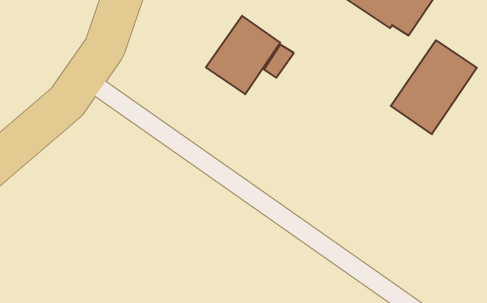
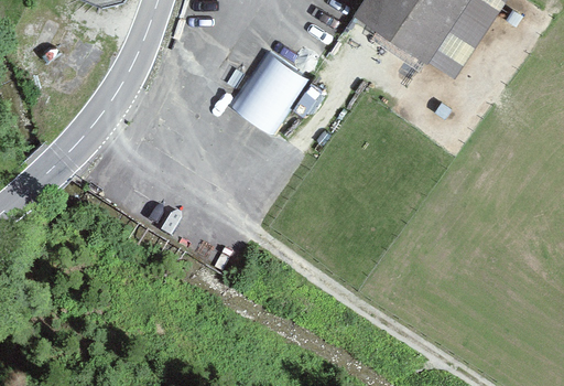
building: [391,40,477,134] -> none

